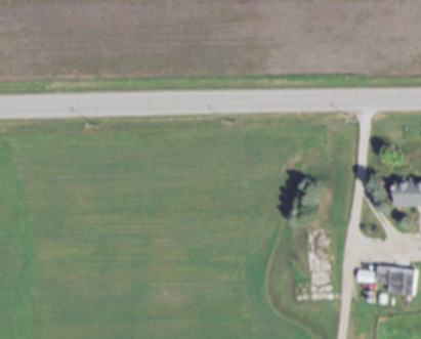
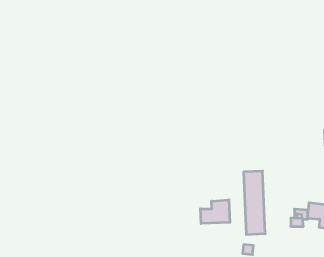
building: none -> [200,200,230,224]

